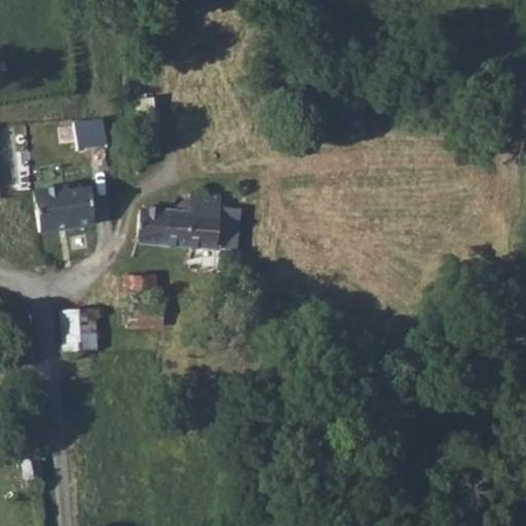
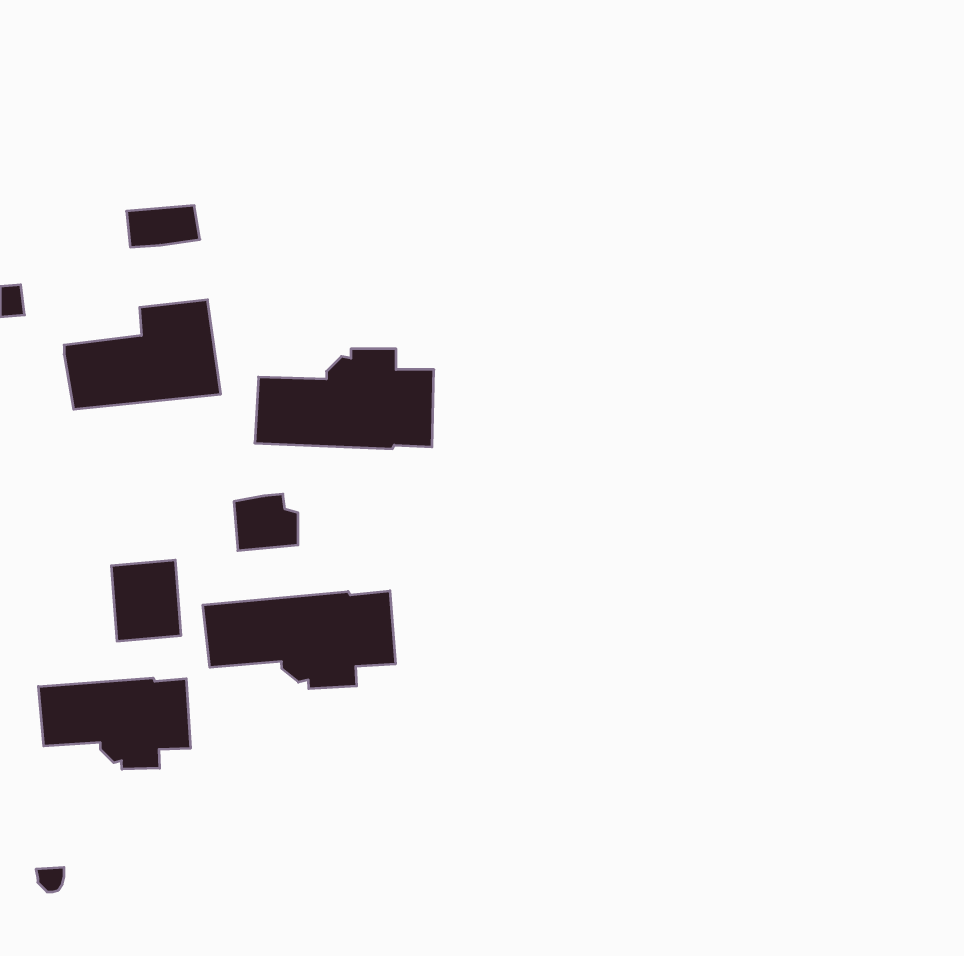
building: none -> [203,591,395,689]
building: none -> [38,678,190,769]

